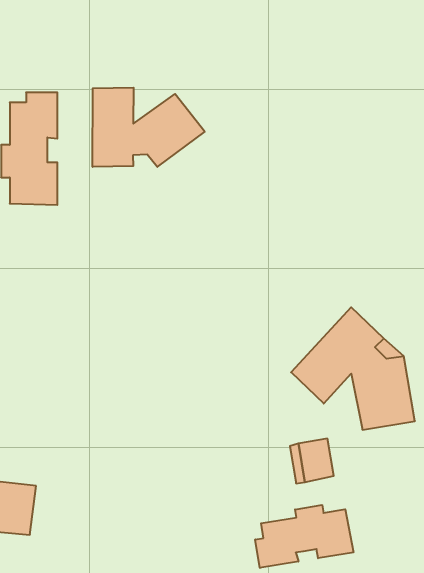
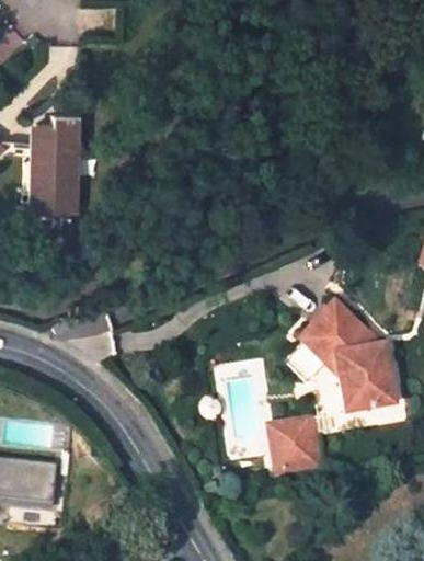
building: [93,88,205,167] -> none
building: [255,505,353,568] -> none

